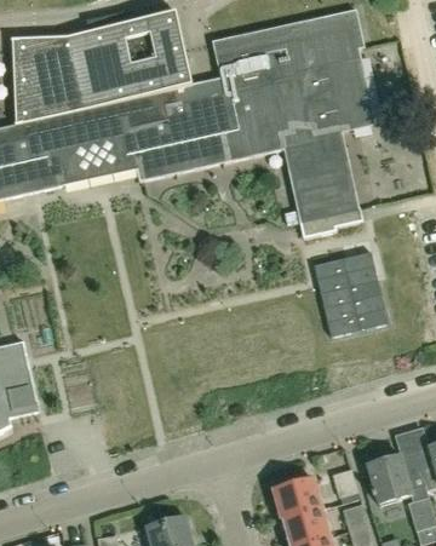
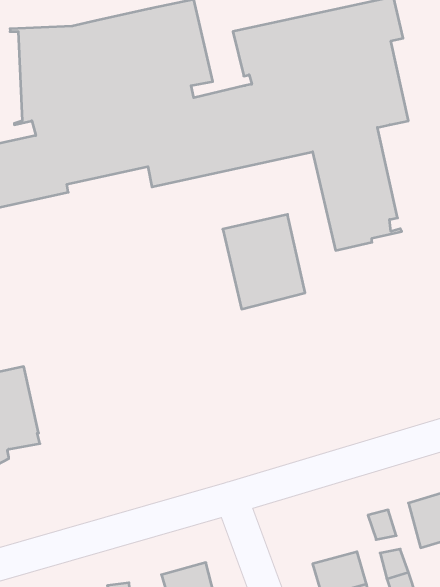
building: [312,252,386,337] -> [223,214,305,309]
building: [275,478,322,518] -> none

